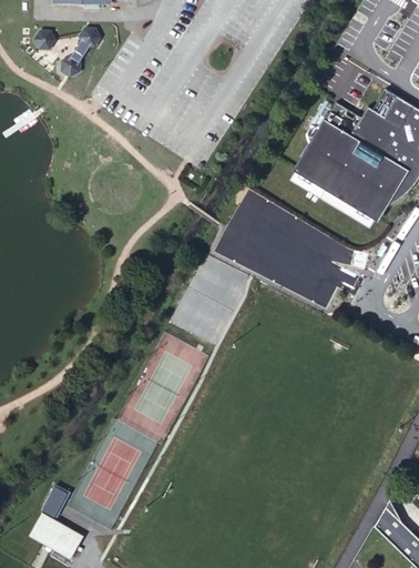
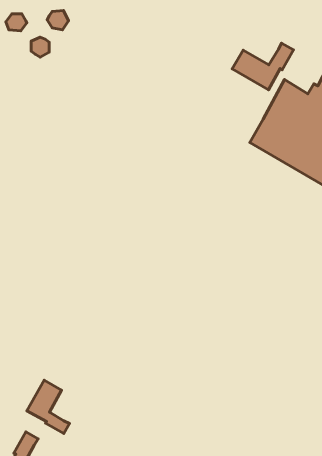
building: none -> [232,43,293,90]
building: none -> [27,380,69,434]

